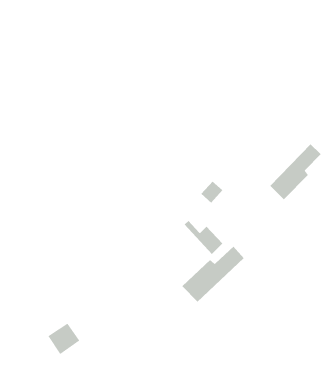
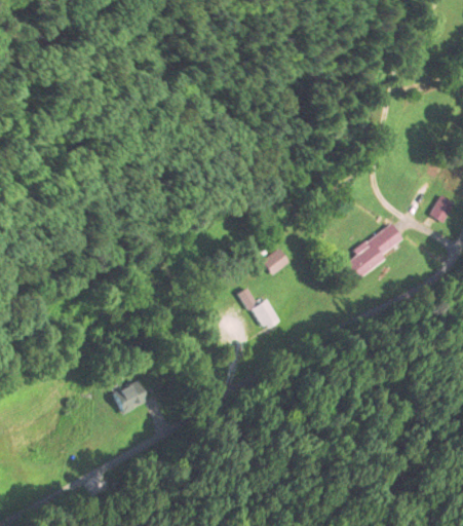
building: [182,246,245,302] -> none
building: [48,323,80,355] -> [111,379,146,413]

